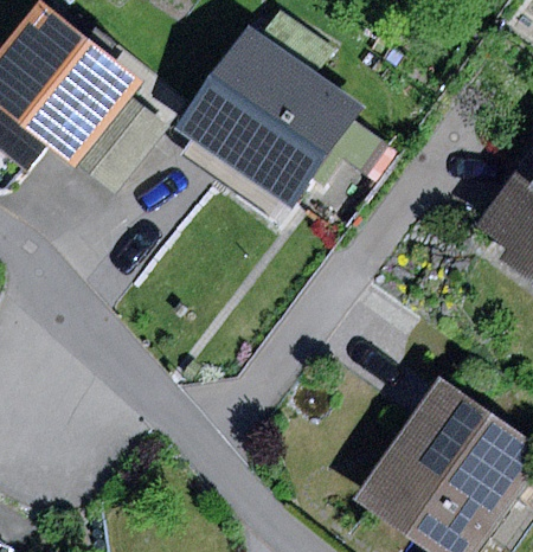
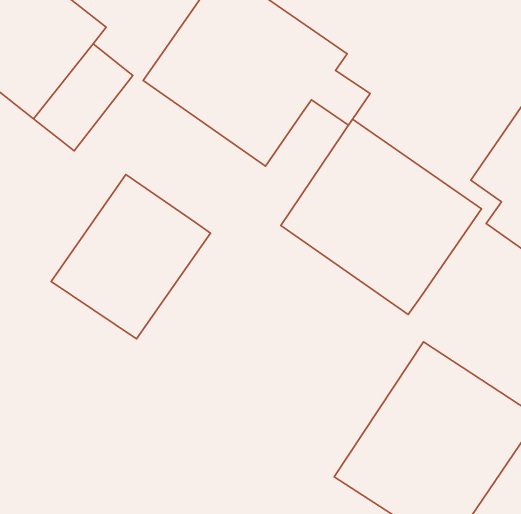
building: none -> [281,119,482,314]
building: none -> [51,174,210,339]

